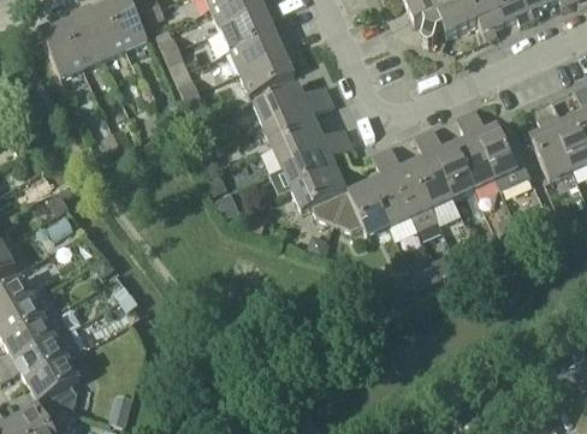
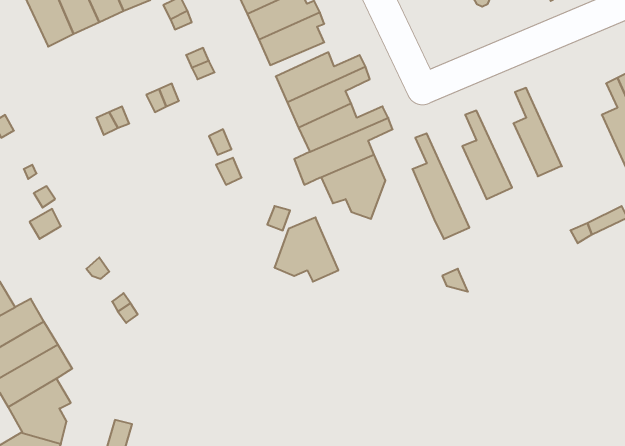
building: [466,108,530,191] -> none
building: [423,127,475,197] -> none
building: [381,147,438,231] -> none
building: [334,182,389,236] -> [274,217,338,282]

